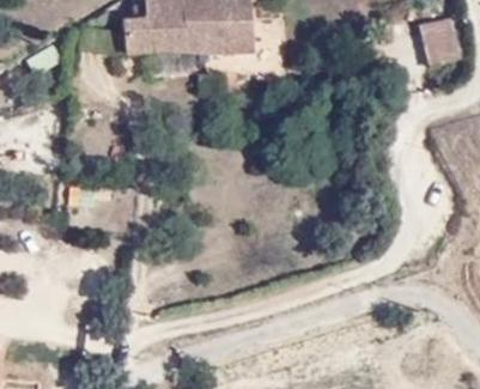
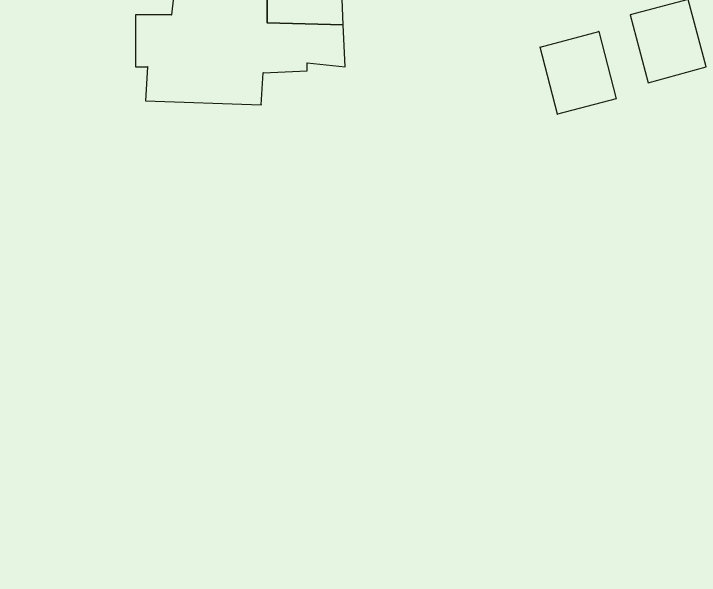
building: none -> [540,31,616,114]

